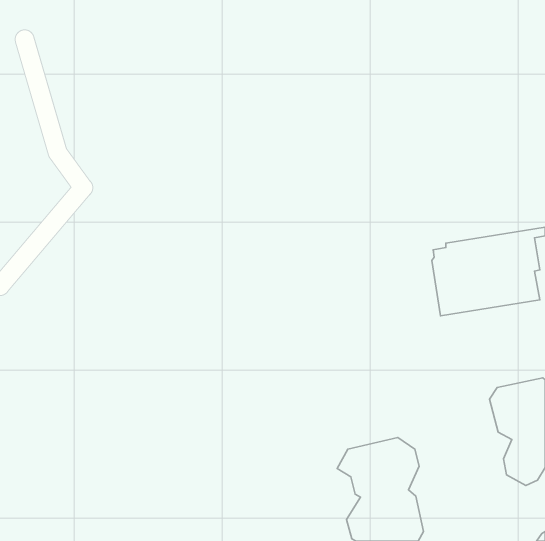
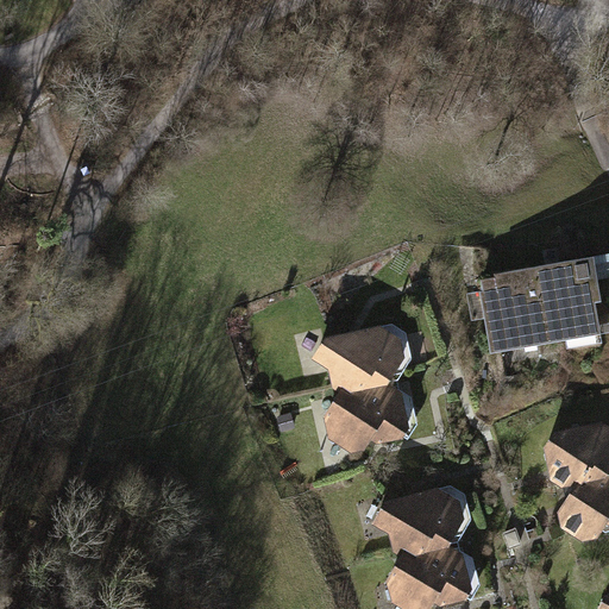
building: none -> [313,325,410,451]

